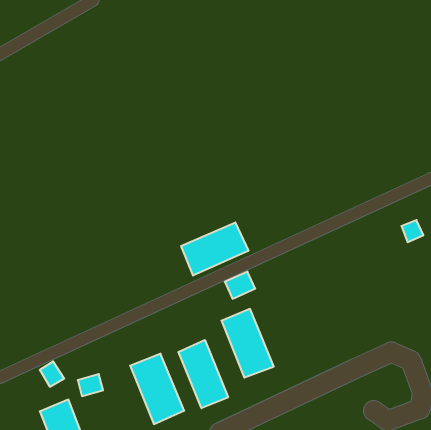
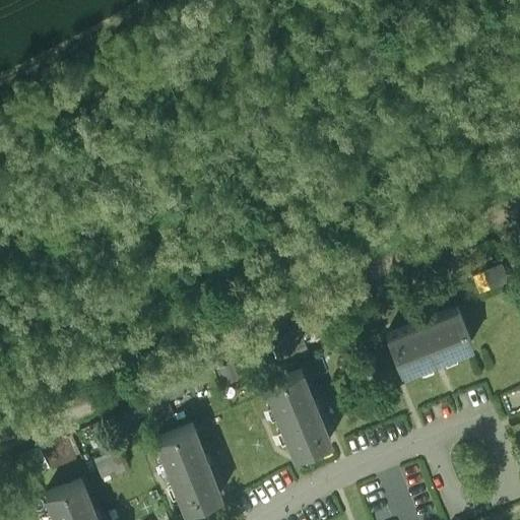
building: [181,222,248,276] -> none
building: none -> [387,311,469,375]
building: [178,340,228,408] -> none

